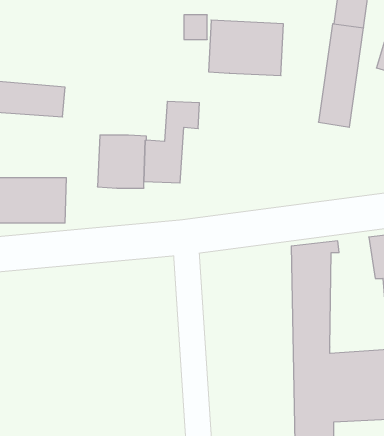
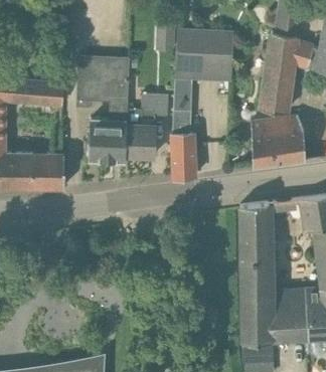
building: none -> [77,58,129,121]
building: none -> [172,70,195,180]
building: none -> [250,117,305,166]

